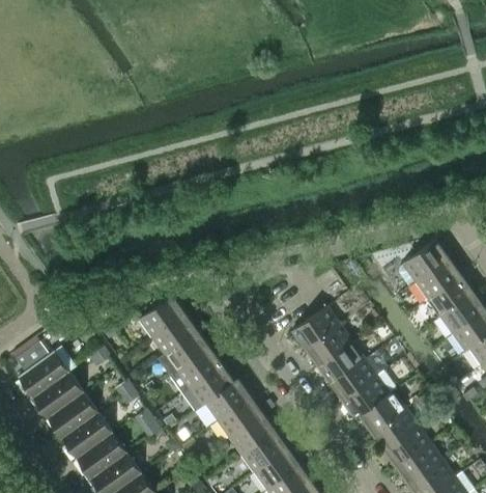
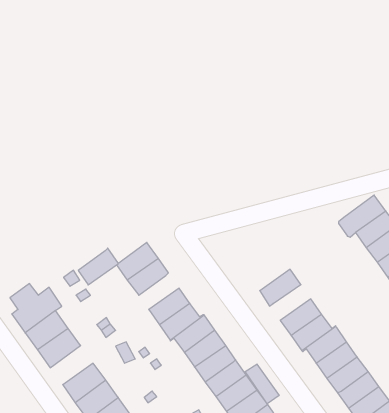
building: [291,306,340,350] -> none
building: [165,329,211,372] -> [78,248,118,285]
building: [316,343,364,384] -> none
building: [62,413,112,459] -> none
building: none -> [245,364,279,404]

